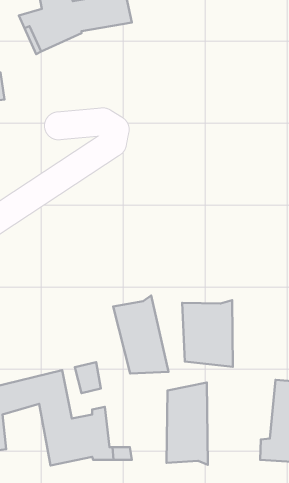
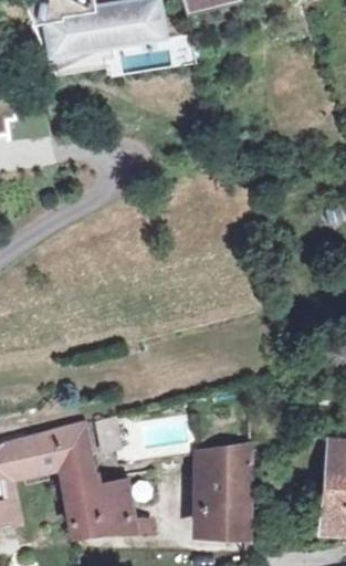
building: [113,295,168,374] -> none
building: [182,300,233,367] -> none

